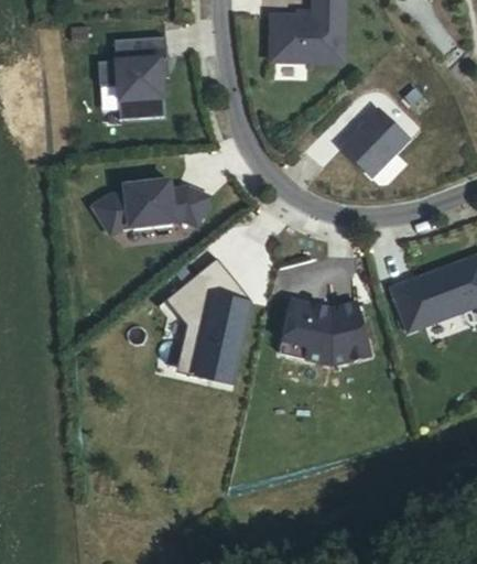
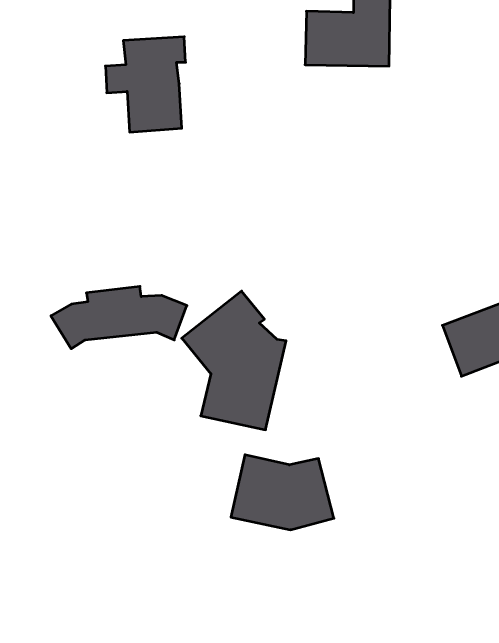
building: [342,109,410,176] -> none
building: [91,180,209,234] -> [51,286,187,349]
building: [282,299,371,364] -> [231,455,334,530]

